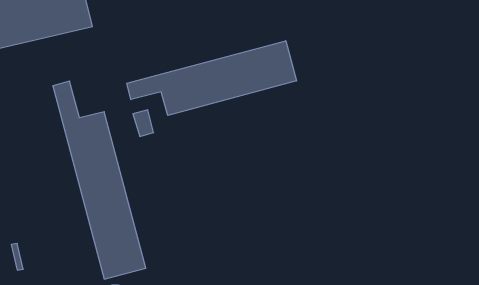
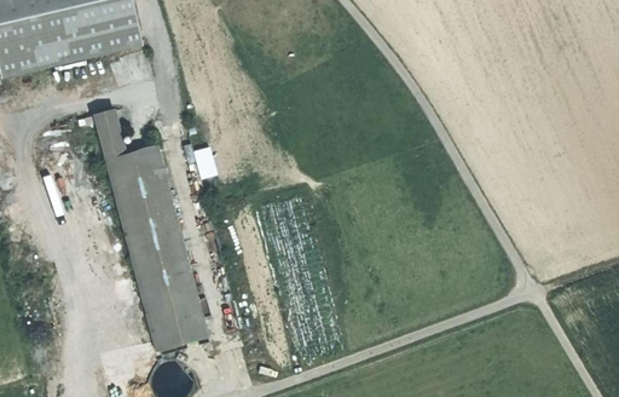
building: [127,41,297,115] -> none

